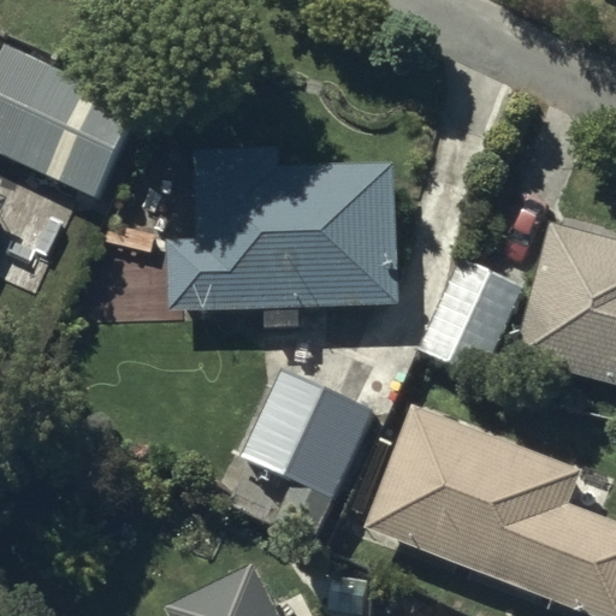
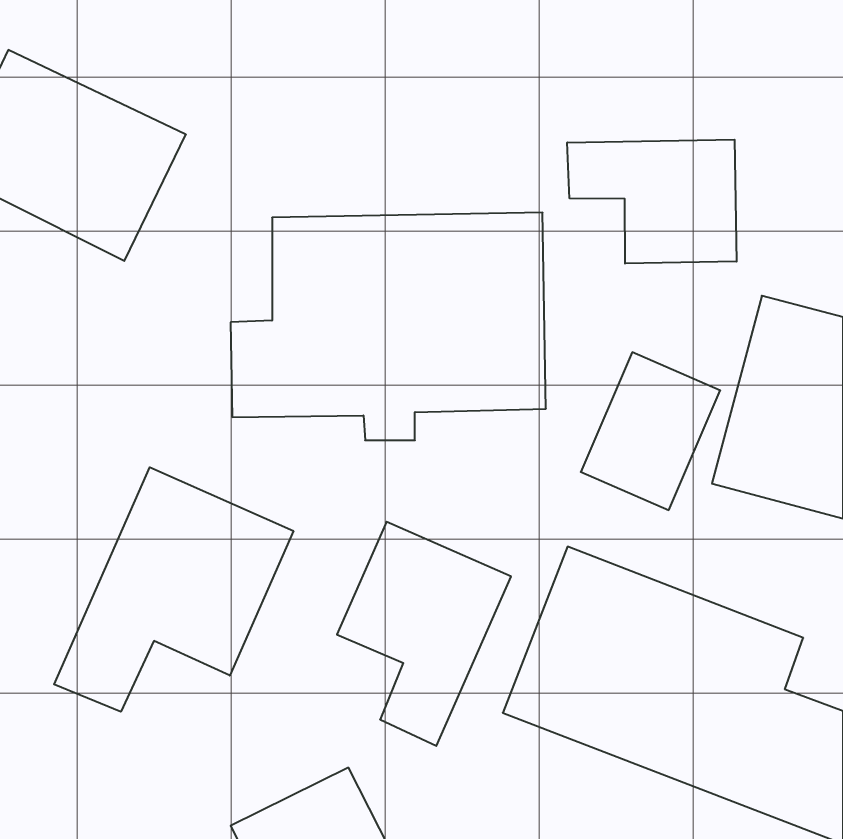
building: none -> [567,140,737,264]
building: none -> [54,467,293,712]

